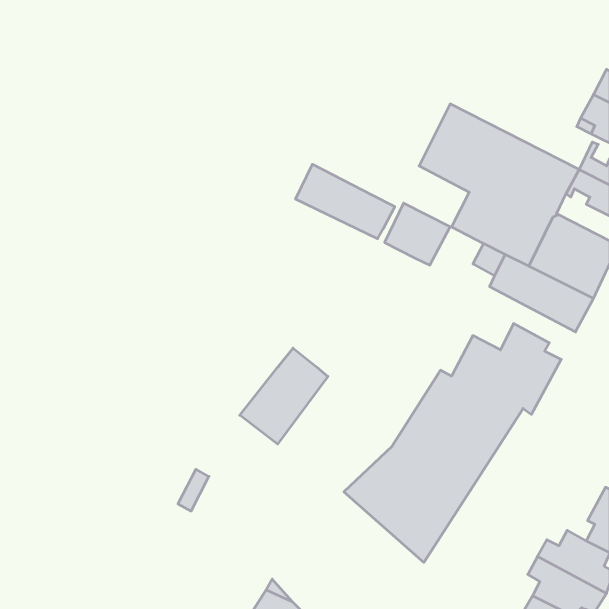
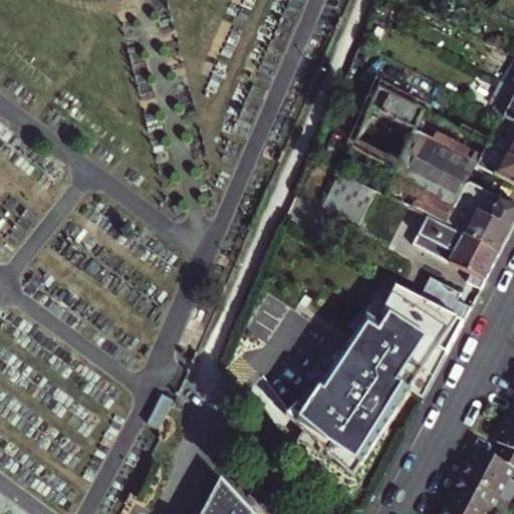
building: [296,164,395,239] -> none
building: [240,348,328,444] -> none

